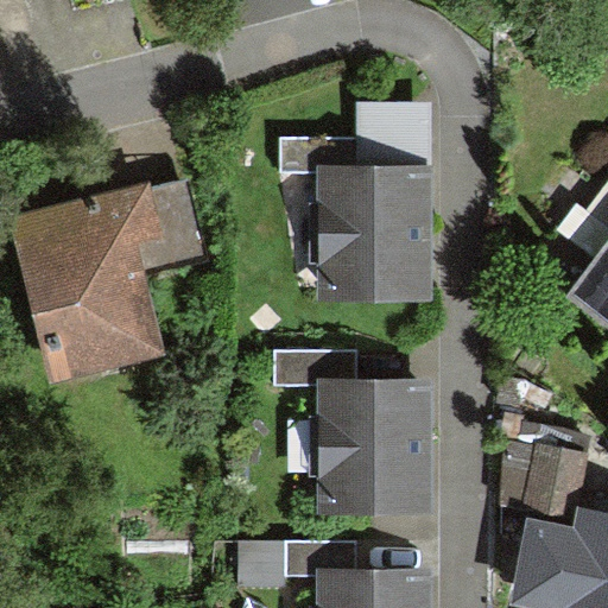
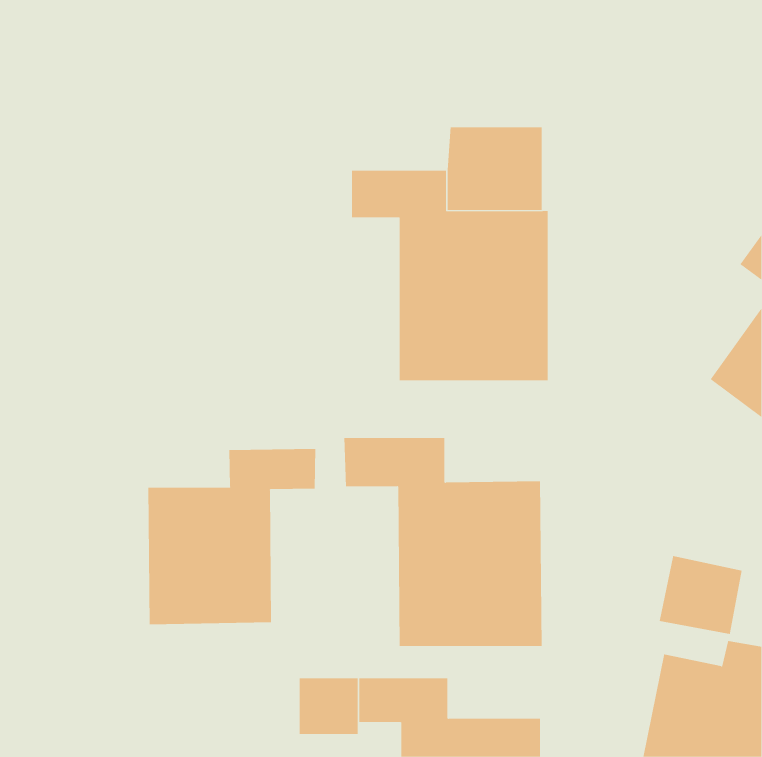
building: [8,173,210,386] -> none
building: none -> [148,448,316,625]

